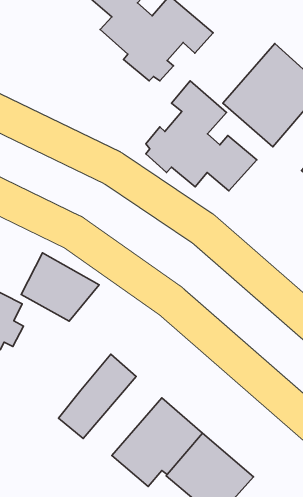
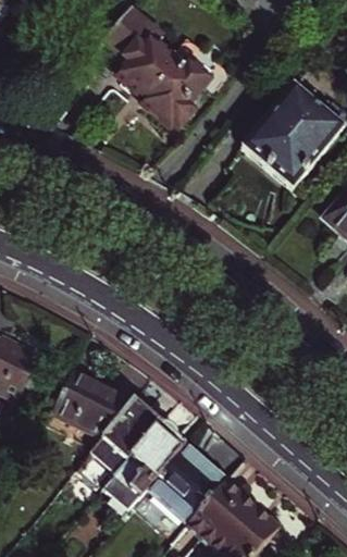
building: [146,81,257,191] -> none
building: [21,253,99,321] -> [51,370,131,440]
building: none -> [102,425,183,511]

